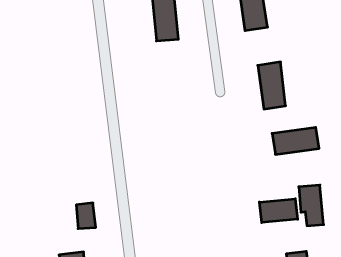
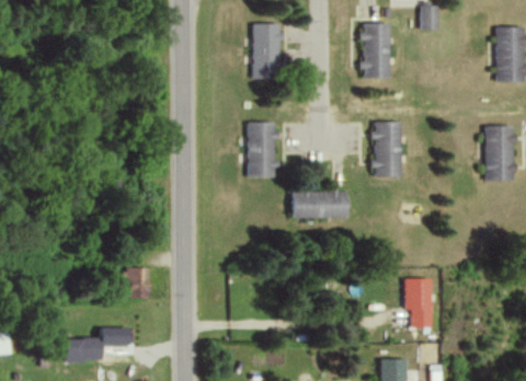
building: none -> [245,122,276,177]
building: [272,127,319,154] -> [291,192,347,219]
building: [259,199,298,223] -> none

